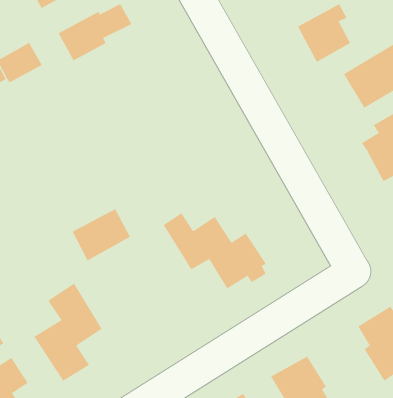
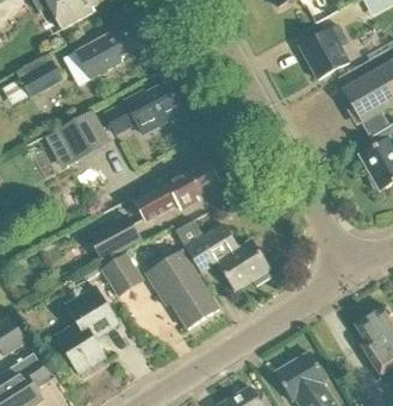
building: none -> [105,82,183,133]
building: none -> [57,110,110,161]
building: none -> [135,162,219,219]
building: none -> [145,250,218,329]
building: none -> [99,252,144,296]

